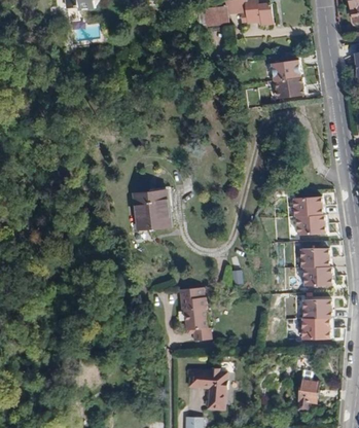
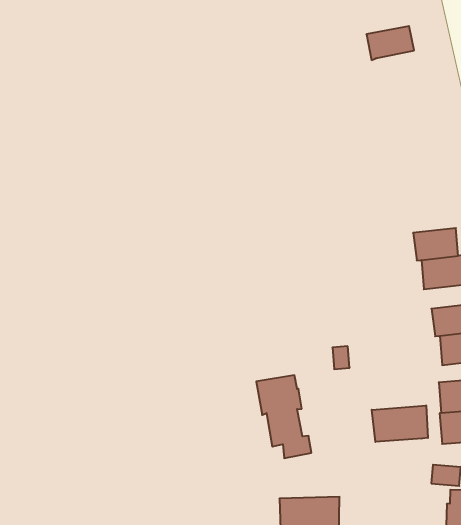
building: [277,76,307,98] -> none
building: [129,189,167,227] -> none
building: none -> [372,405,428,442]

